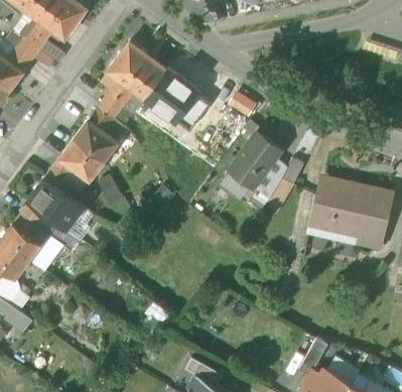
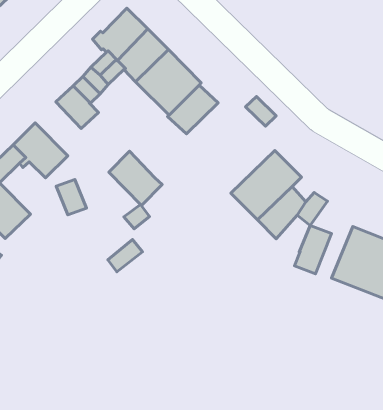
building: [75,121,116,160] -> [109,151,162,205]
building: none -> [294,225,332,274]

